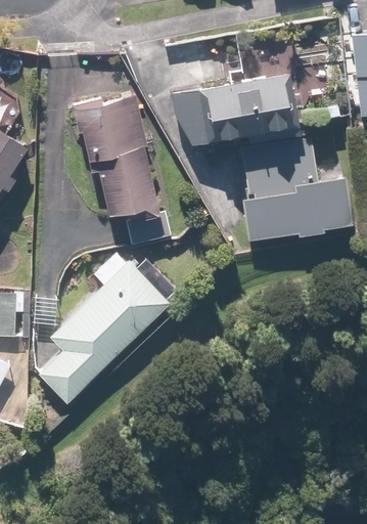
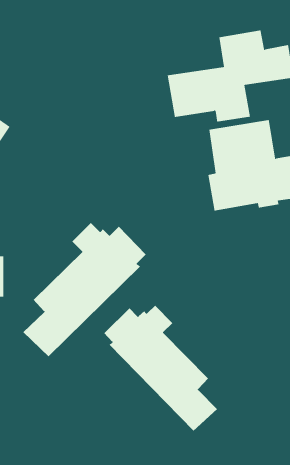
building: [82,96,157,218] -> none
building: none -> [103,305,218,432]

